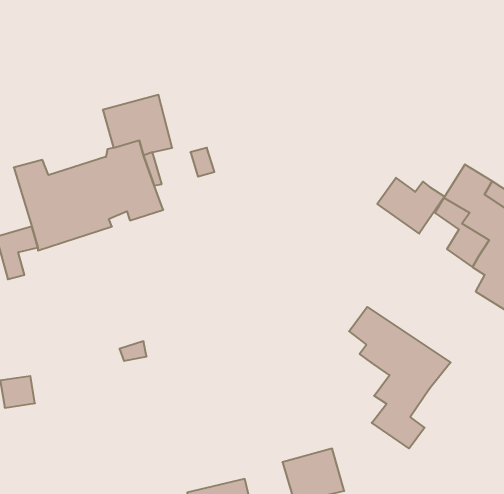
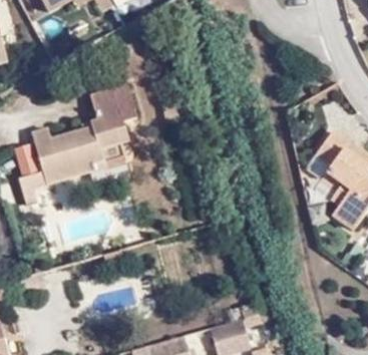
building: [377,178,445,234] -> none
building: [349,307,451,448] -> none

